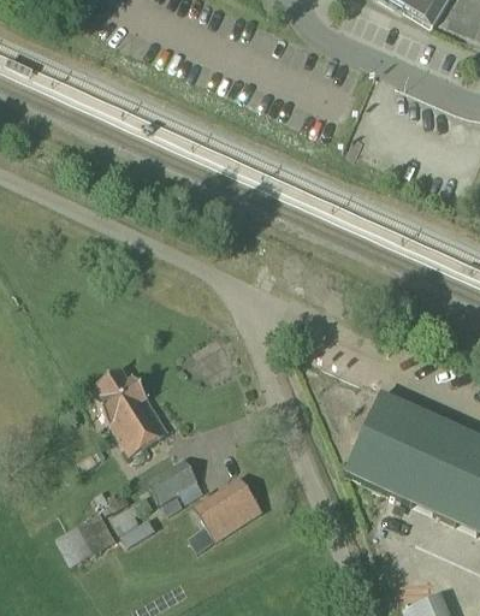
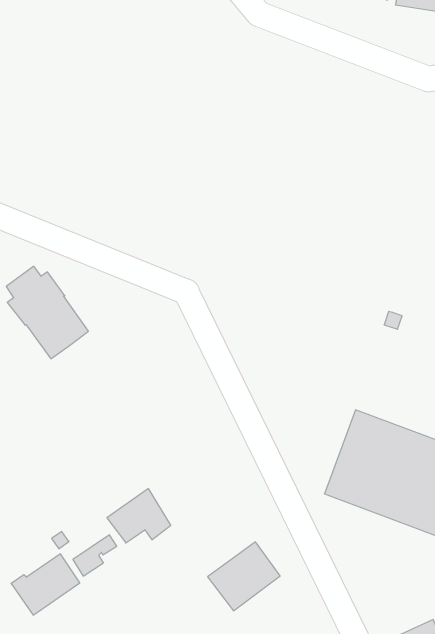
building: [96,368,168,454] -> [6,266,88,359]
building: [196,478,262,539] -> [208,542,280,611]

